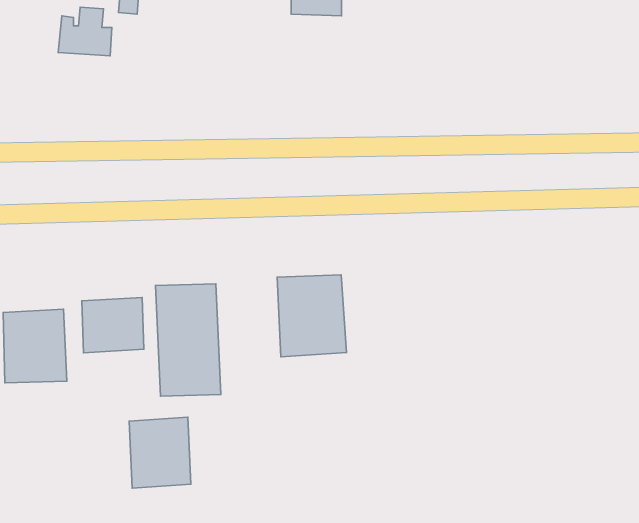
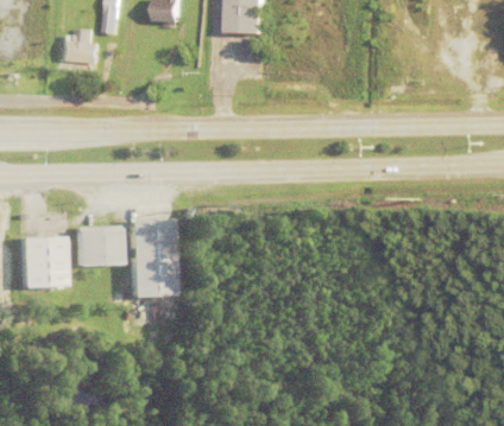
building: [277,275,347,357] -> none
building: [129,417,191,488] -> none

